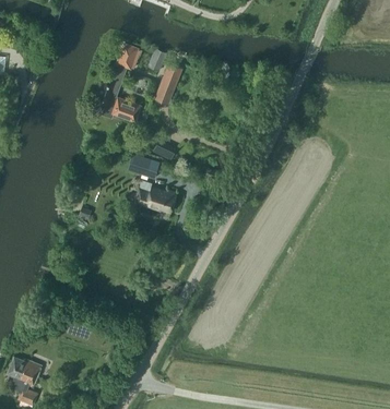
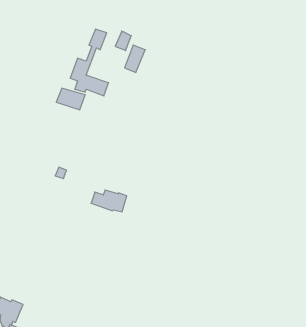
building: [126,155,159,180] -> [56,88,85,110]
building: [134,187,176,212] -> [91,190,127,212]

